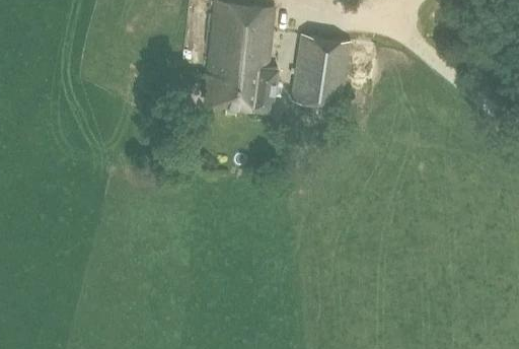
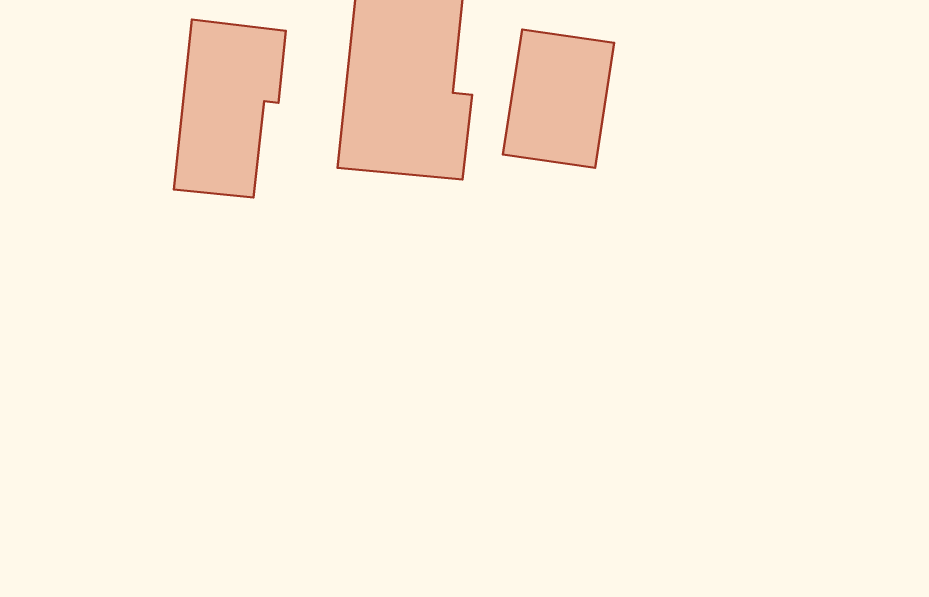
building: none -> [174,19,286,198]

